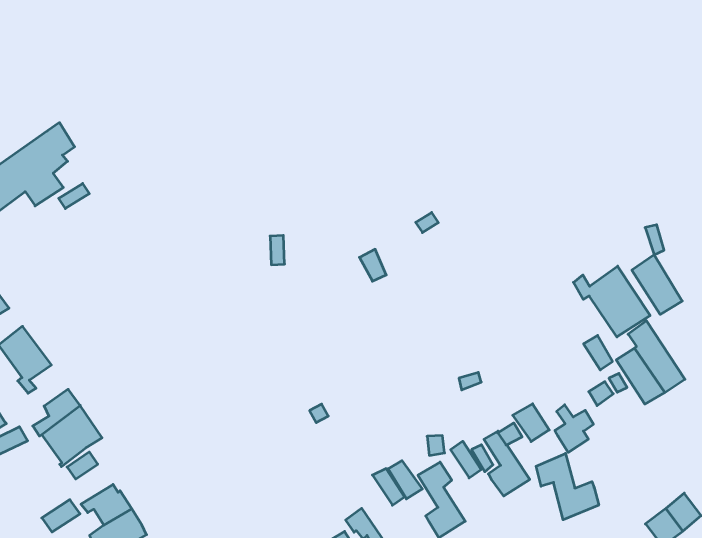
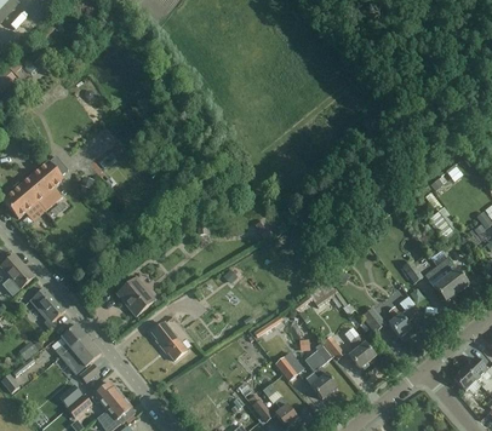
building: [573,266,650,337] -> none
building: none -> [115,277,154,316]
building: none -> [150,322,185,360]
building: [536,453,599,520] -> none

